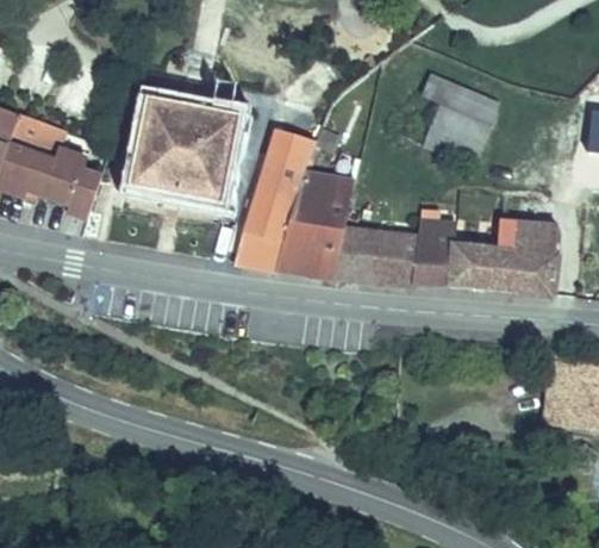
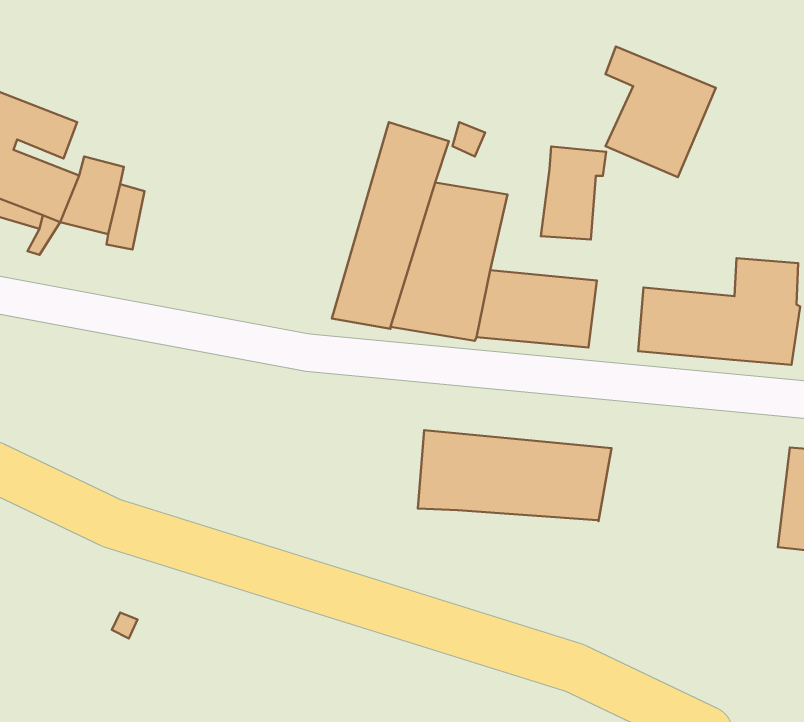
building: [129,94,243,204] -> none
building: [411,219,456,284] -> [541,147,606,240]
building: none -> [418,430,612,521]

